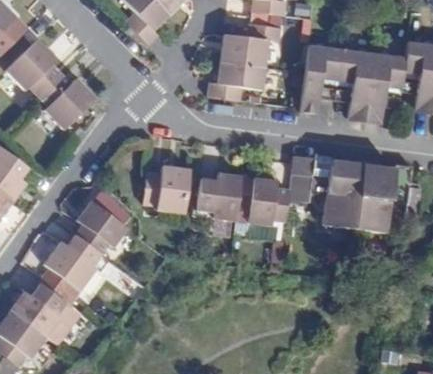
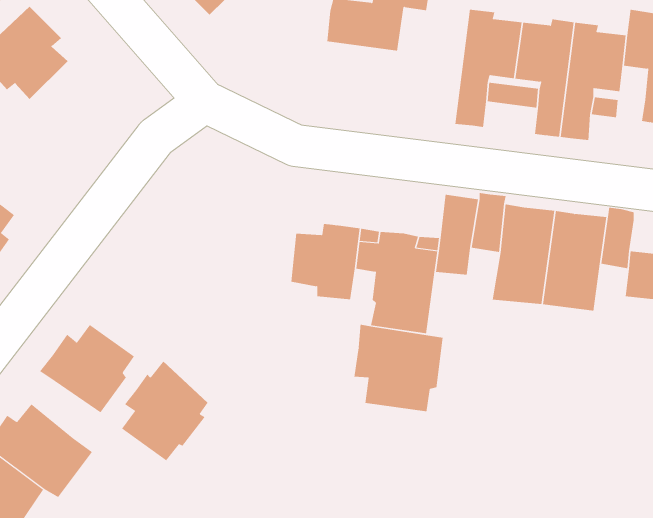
building: [208,61,265,101] -> none
building: [38,73,96,130] -> none
building: [145,166,191,213] -> none
building: [75,193,129,255] -> [121,360,209,461]
building: none -> [354,324,443,412]

